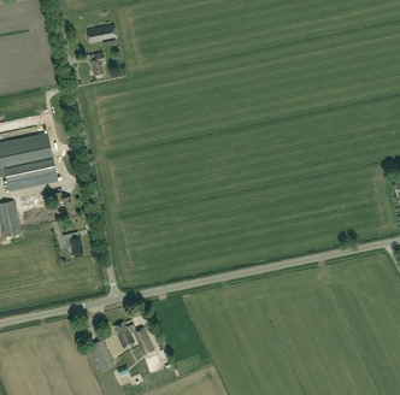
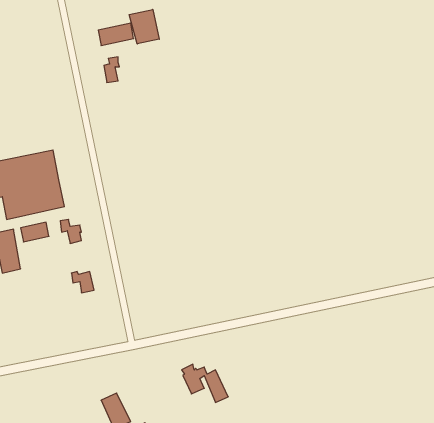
building: none -> [129,9,159,44]
building: [114,323,154,355] -> [182,364,228,402]

